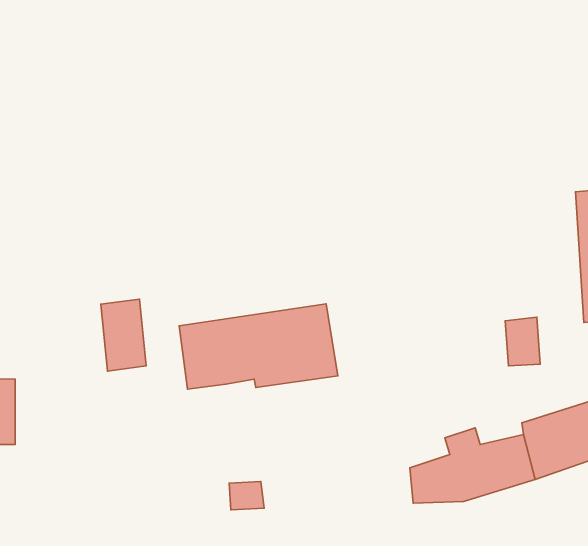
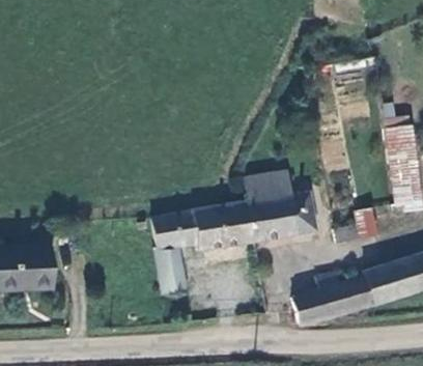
building: none -> [241,173,313,245]
building: [101,299,146,371] -> [157,250,185,294]

